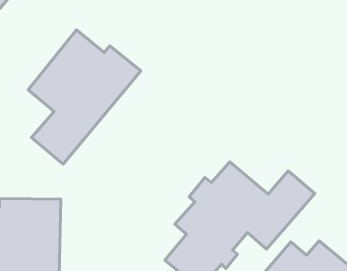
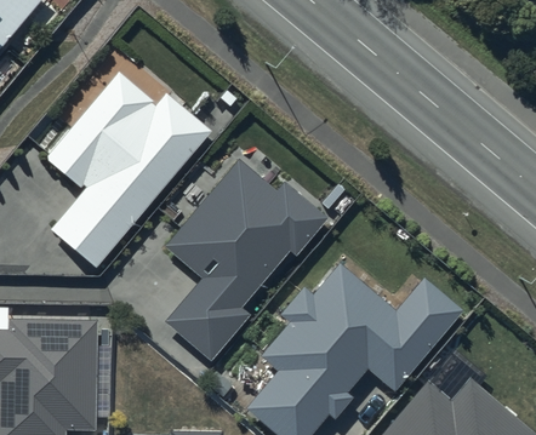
building: none -> [166,156,327,357]

